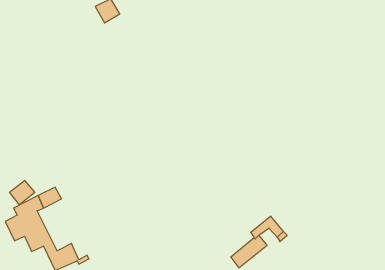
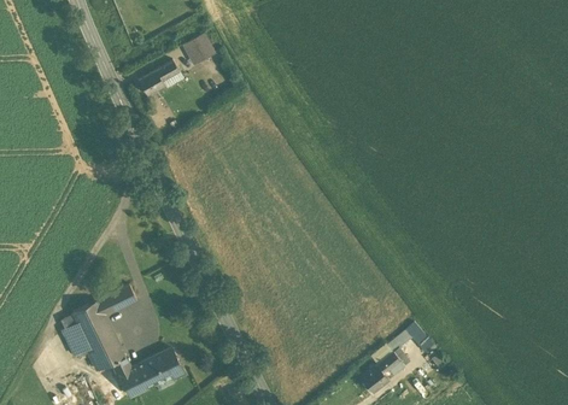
building: none -> [137,59,181,94]
building: [10,180,35,205] -> none
building: none -> [150,347,183,380]

